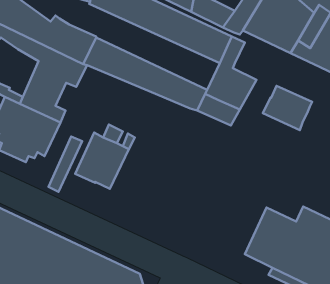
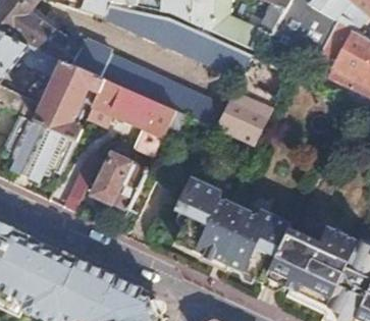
building: none -> [87,82,174,147]
building: [263,86,312,130] -> none
building: none -> [172,178,289,285]

